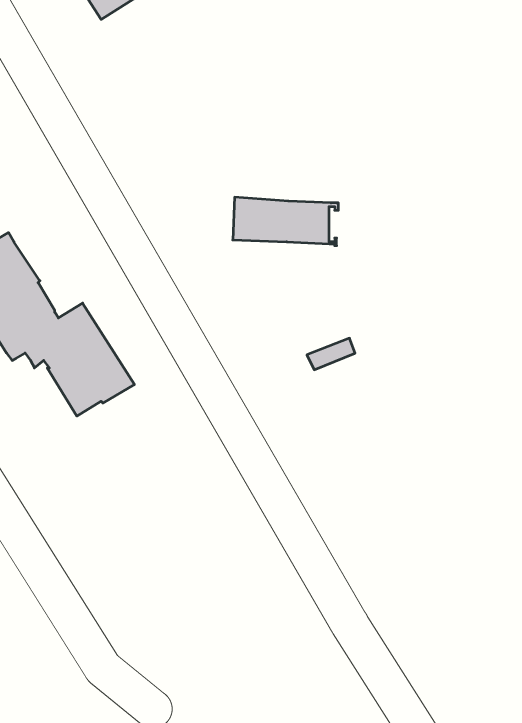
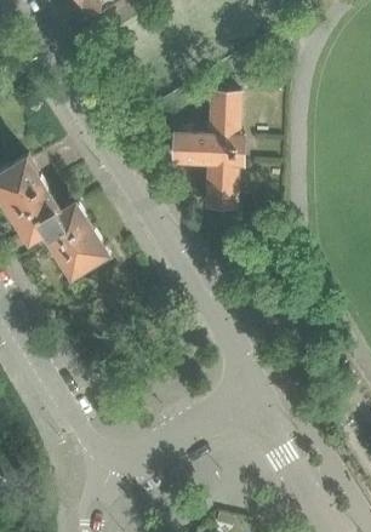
building: none -> [210,92,239,137]
building: none -> [206,162,236,207]

